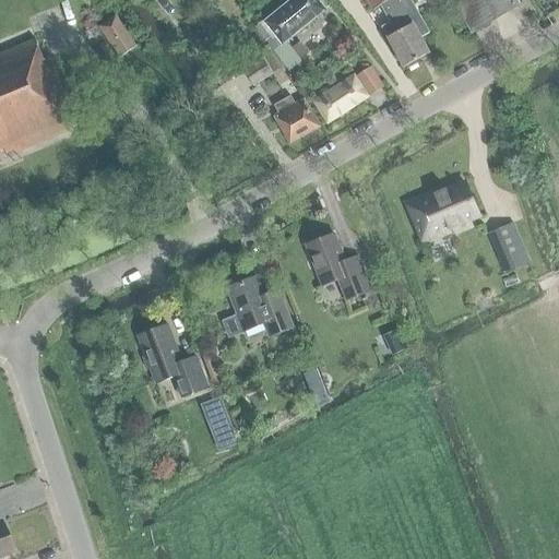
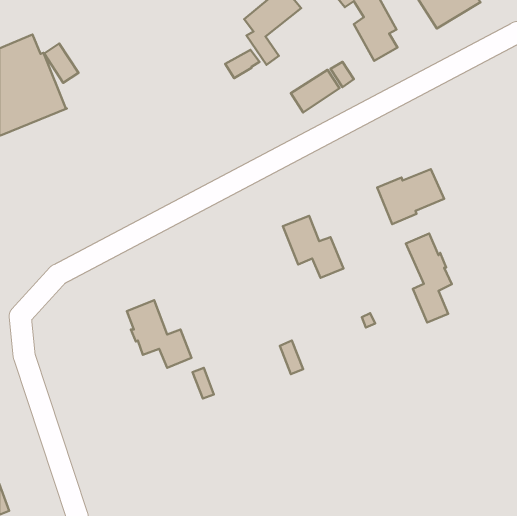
building: [97,14,134,57] -> [44,43,78,83]
building: [273,94,318,142] -> none
building: [492,222,524,258] -> none
building: none -> [406,234,452,322]
building: [225,275,292,335] -> none

